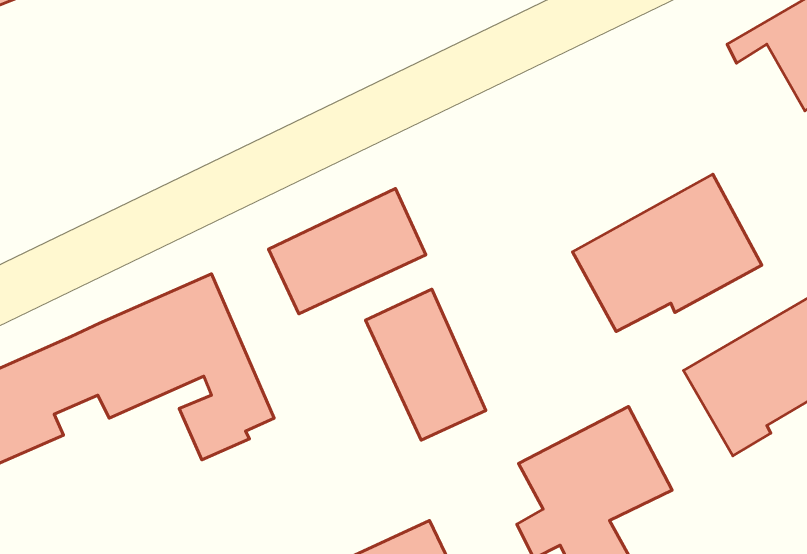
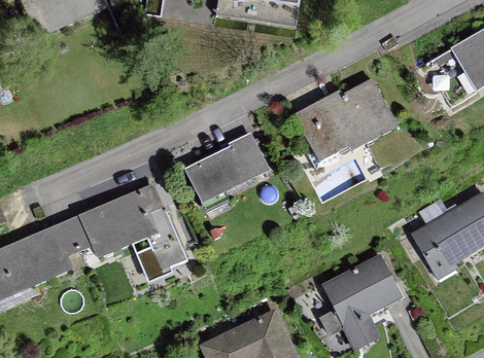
building: [572,174,762,331] -> [296,78,399,164]
building: [366,289,486,440] -> none

